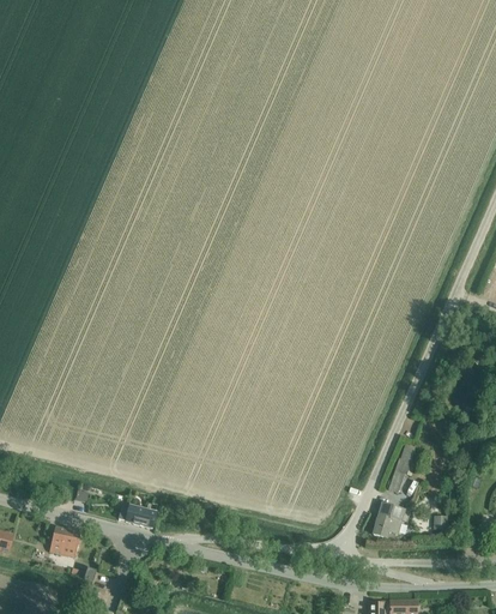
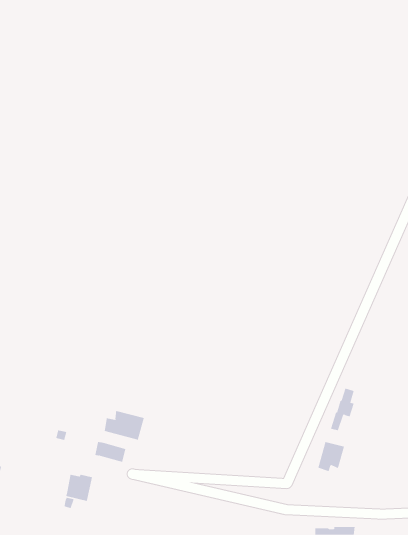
building: none -> [104,410,145,440]
building: [50,526,81,558] -> [66,474,93,501]

